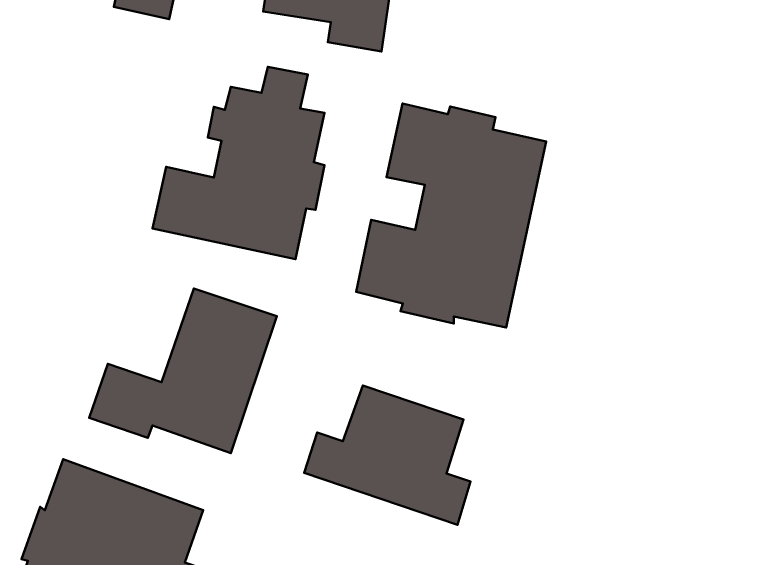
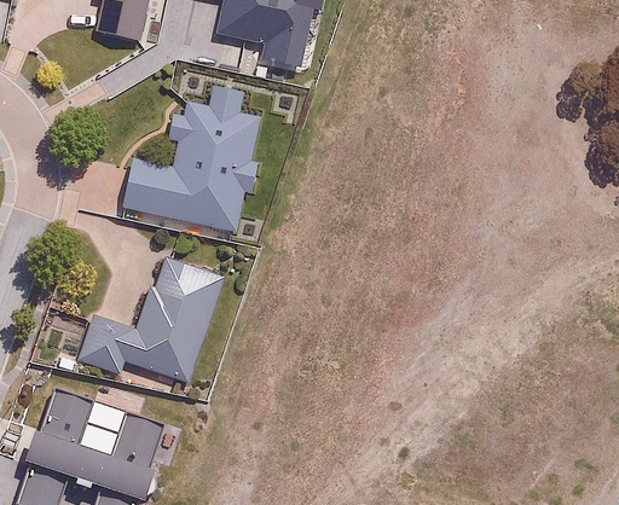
building: [356,104,546,328] -> none
building: [304,386,470,525] -> none

